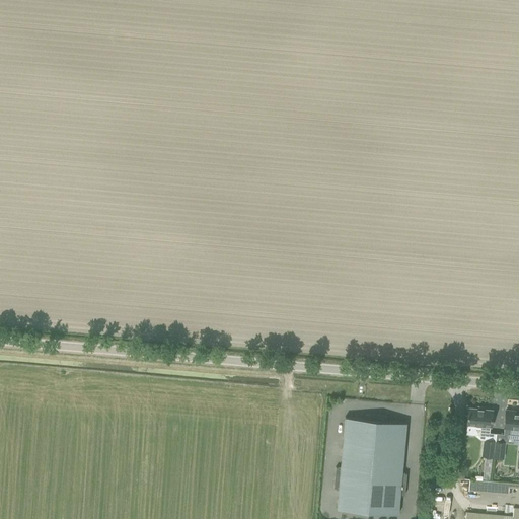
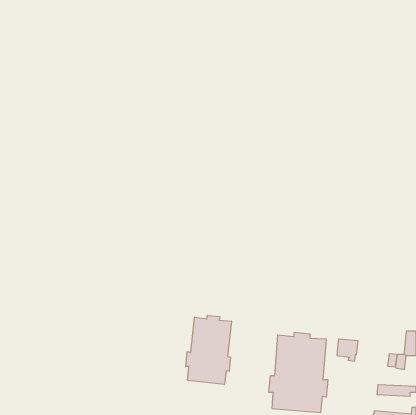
building: none -> [186,315,231,385]
building: [466,410,493,437] -> [337,339,358,361]

